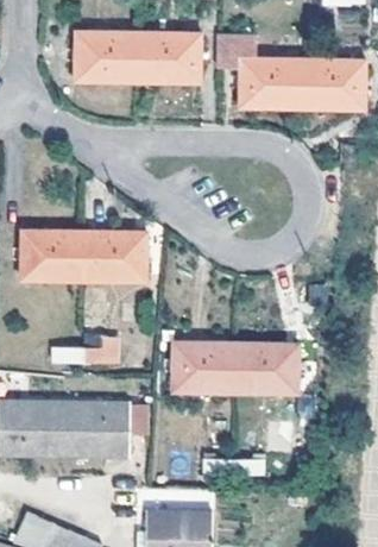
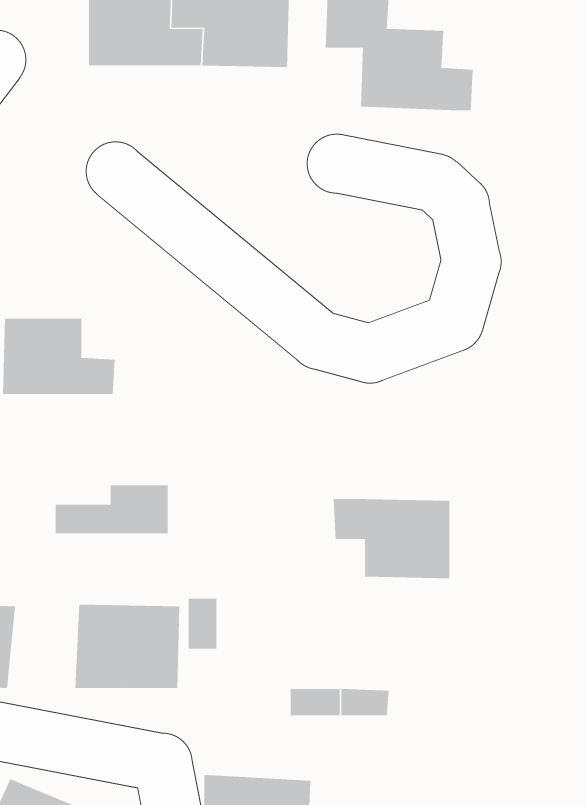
building: [290,57,363,108] -> none
building: [71,233,144,281] -> none
building: [172,341,242,390] -> none
building: [26,407,69,458] -> none

